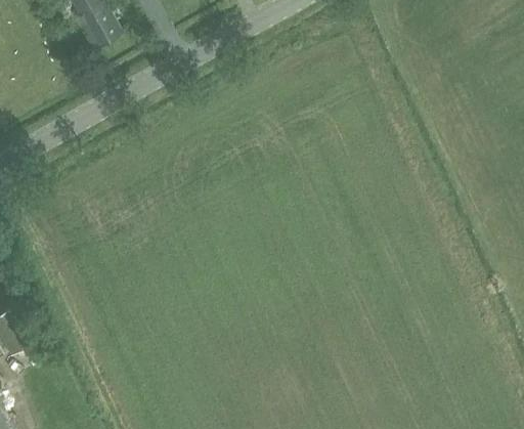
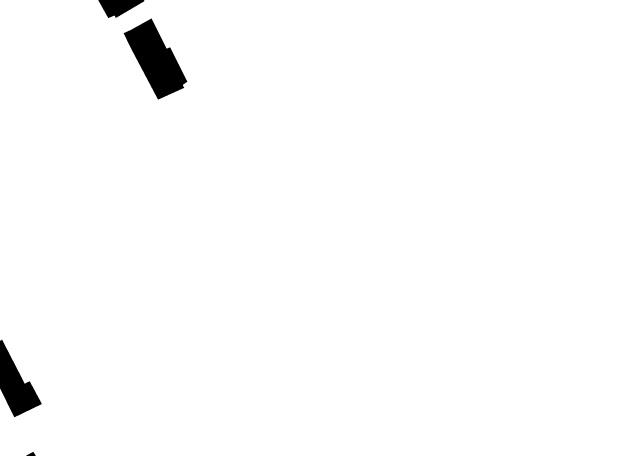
building: none -> [123,17,188,101]

